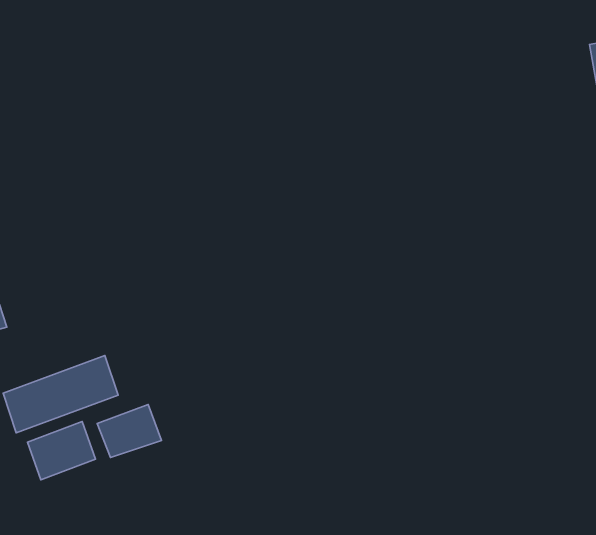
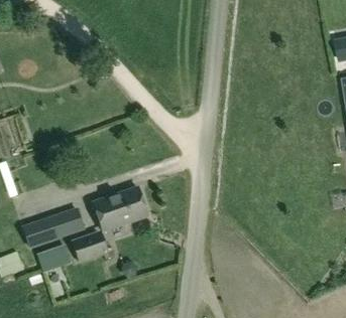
building: none -> [92,188,146,231]

